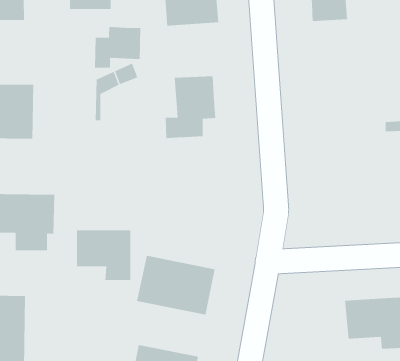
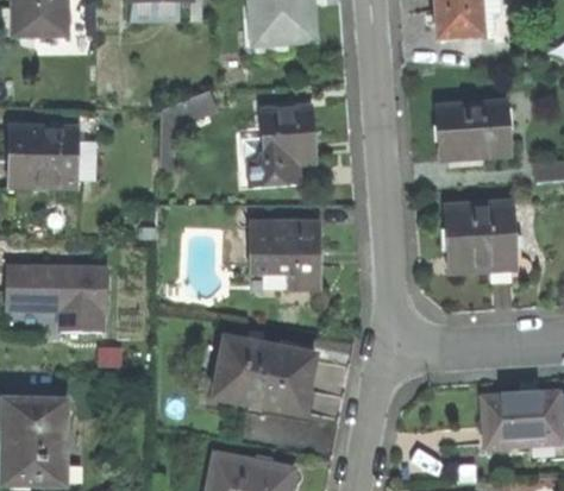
building: [95,26,141,68] -> none
building: none -> [439,101,509,158]
building: none -> [445,203,515,272]
building: [76,230,131,281] -> [249,224,320,289]

